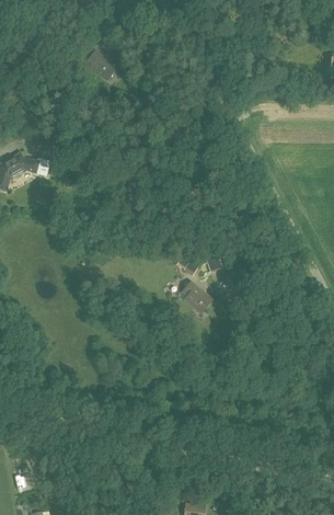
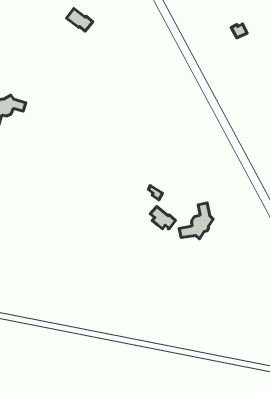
building: none -> [179,203,213,239]

